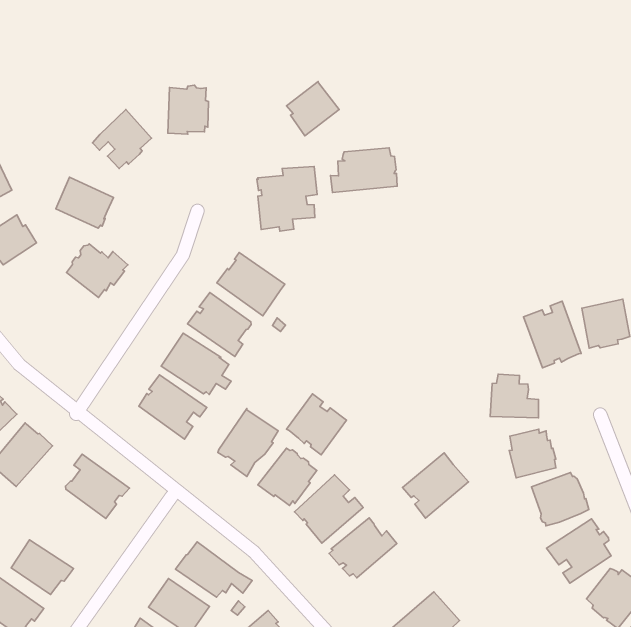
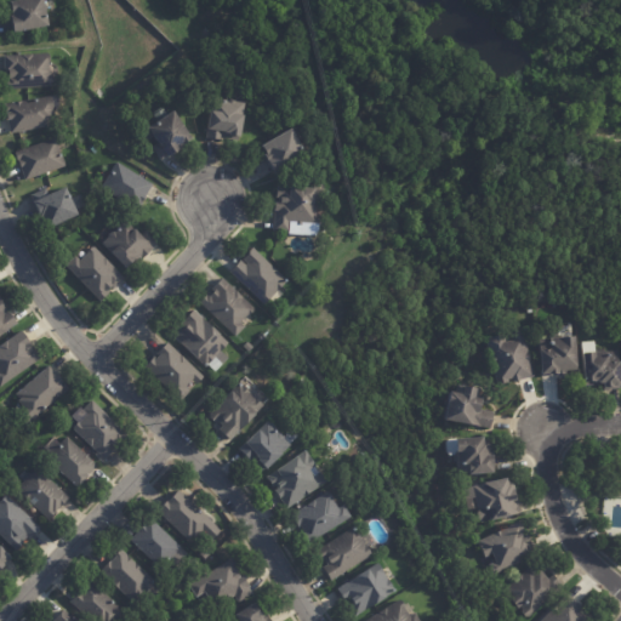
building: [286,81,339,136] -> [262,129,307,173]
building: [330,148,397,192] -> none
building: none -> [67,246,125,301]
building: [287,394,347,455] -> none
building: [403,453,468,518] -> [315,526,372,580]
building: none -> [47,437,97,488]

